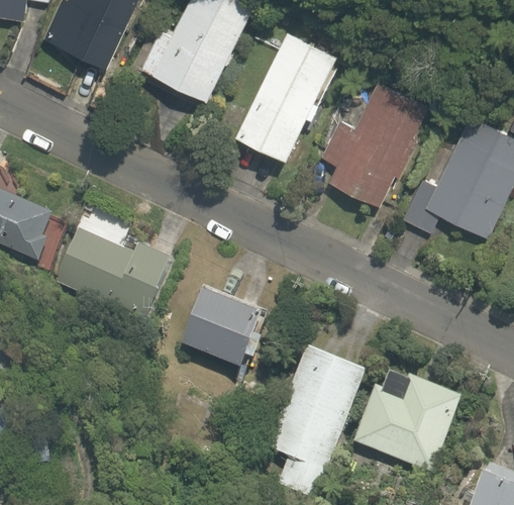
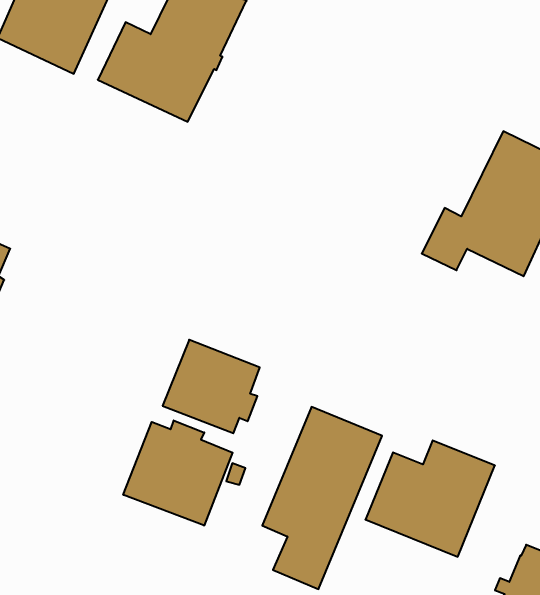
building: [238,30,337,157] -> none
building: [320,79,429,203] -> none
building: [55,228,172,322] -> none
building: none -> [123,420,233,526]

